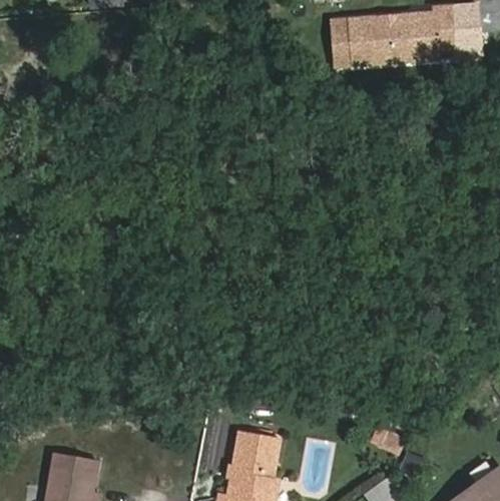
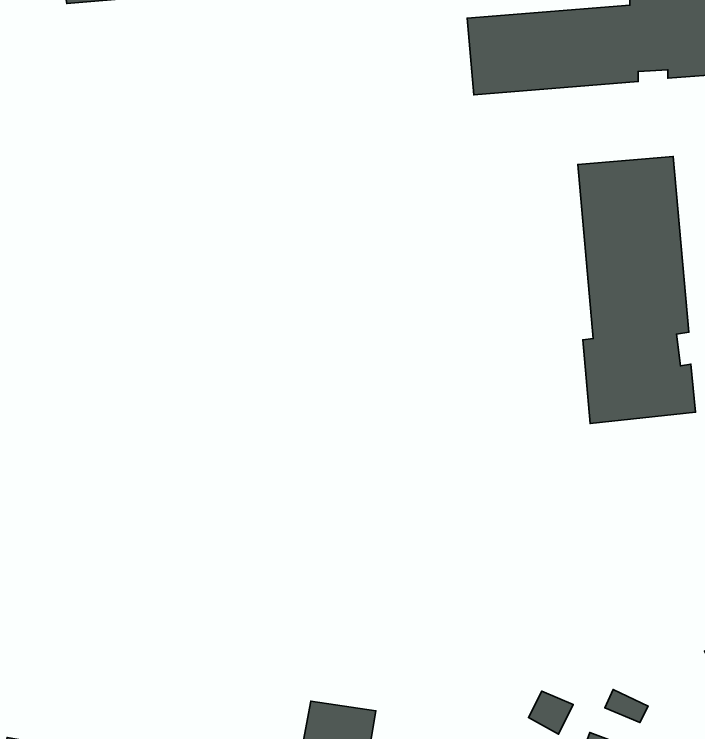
building: none -> [578,157,695,423]

